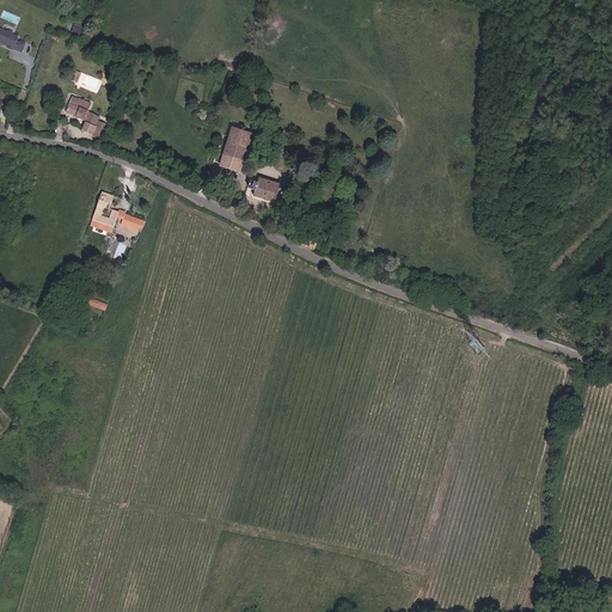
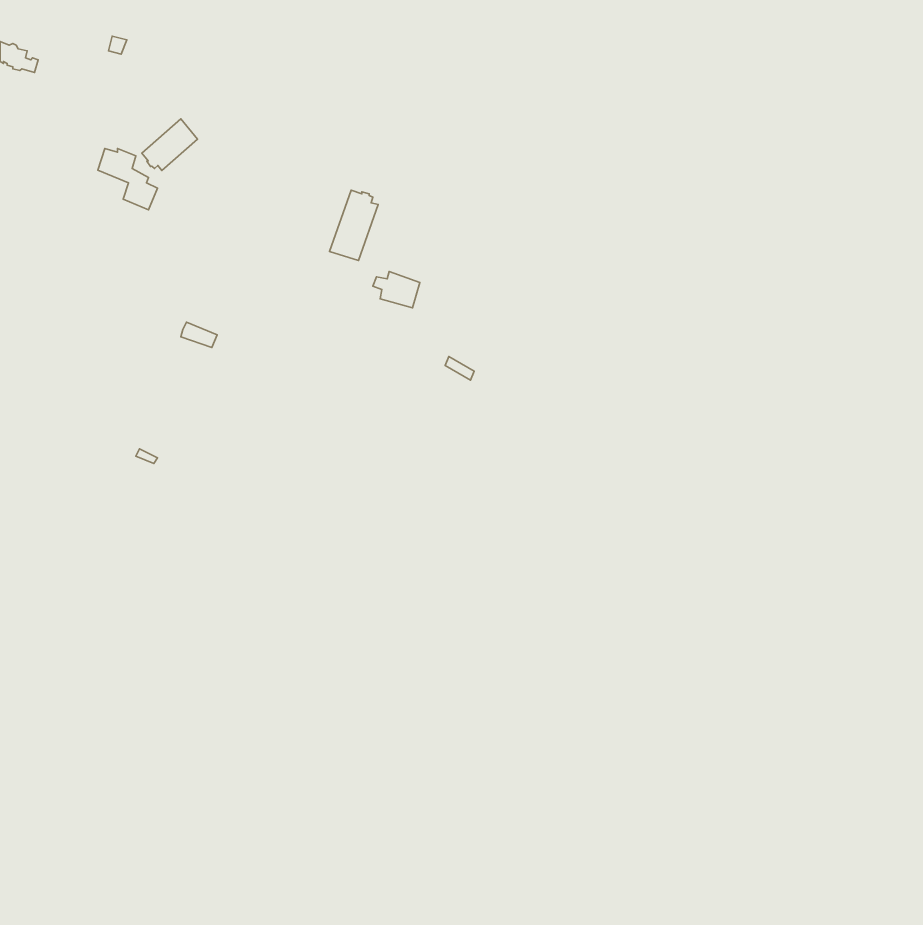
building: none -> [142,119,198,171]
building: [92,191,120,231] -> none

